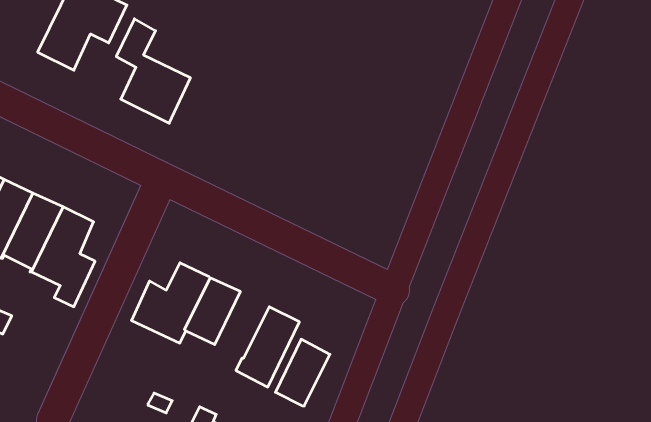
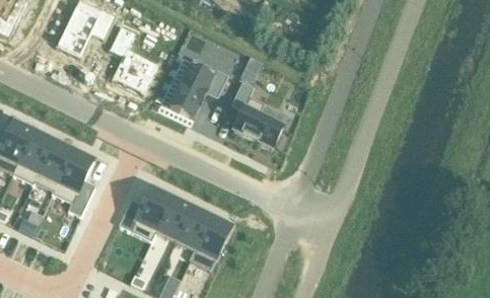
building: none -> [169,59,228,118]
building: none -> [230,82,286,150]
building: [275,339,330,406] -> [174,207,211,251]

